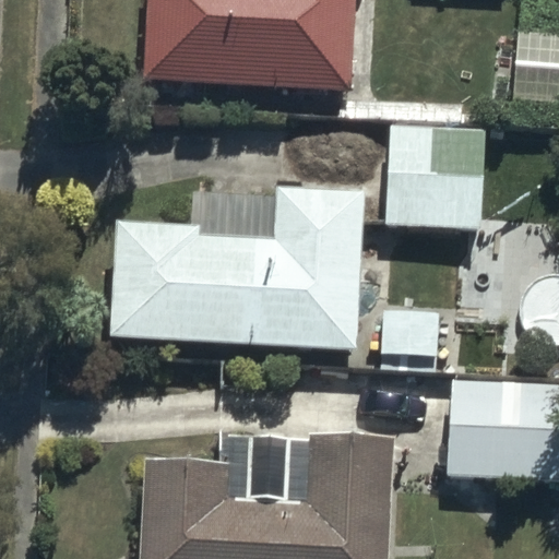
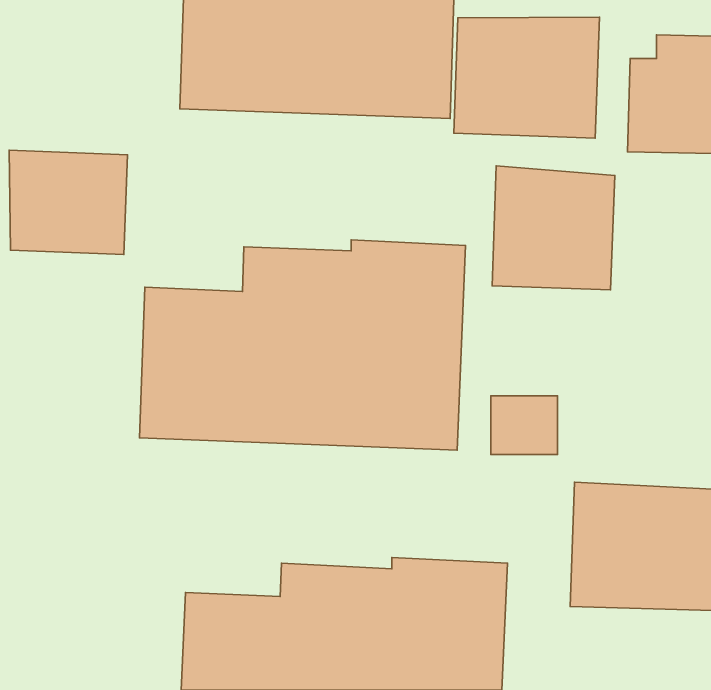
building: none -> [454,17,600,138]
building: none -> [9,150,128,255]

